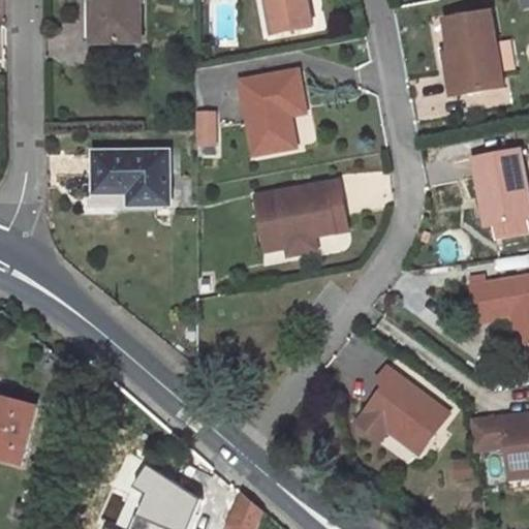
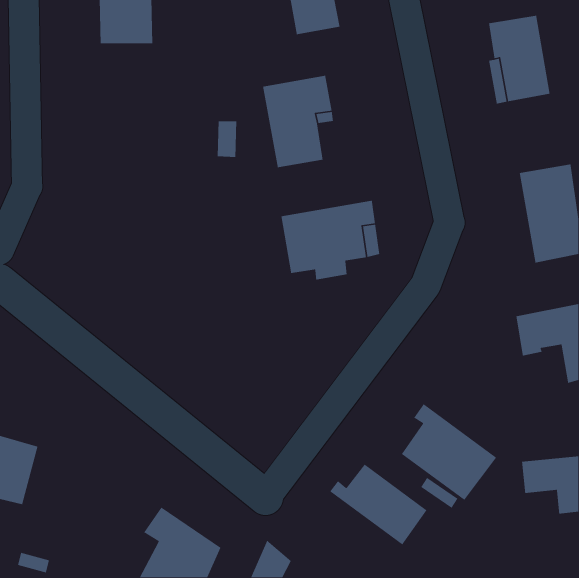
building: [96,152,167,201] -> none
building: none -> [329,463,427,546]

